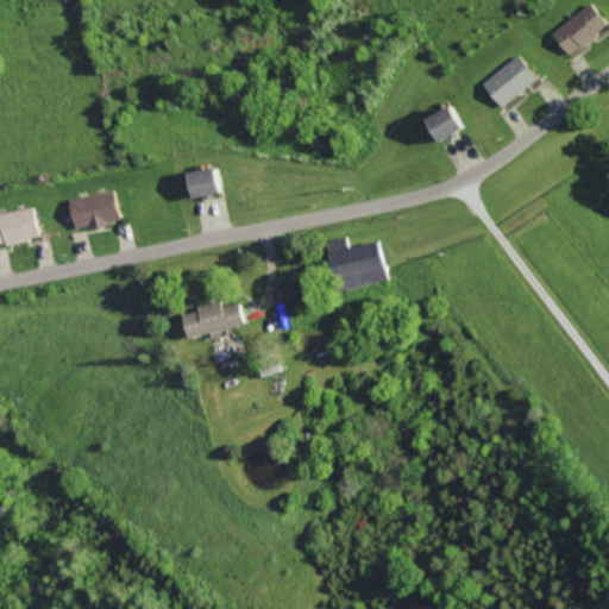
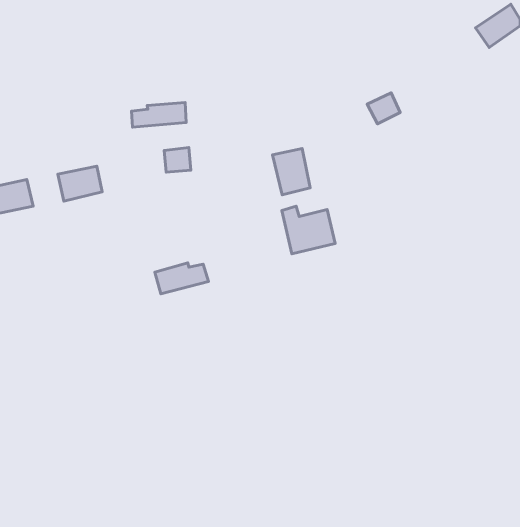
building: [479,56,534,108] -> none
building: none -> [132,103,186,127]
building: none -> [273,148,310,195]

